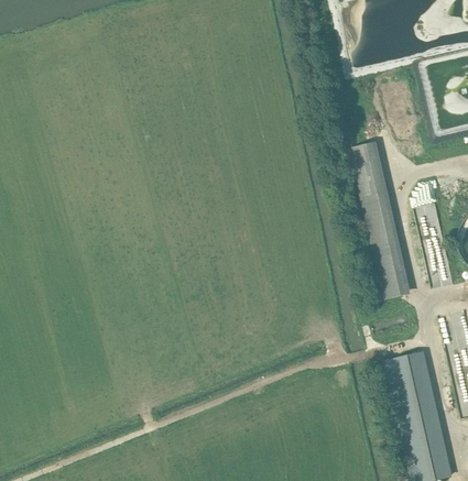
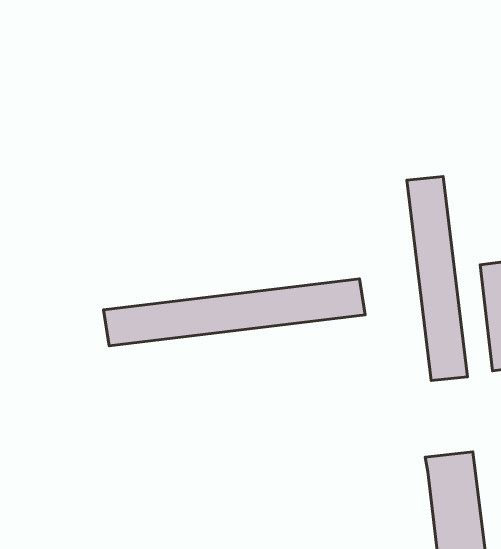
building: none -> [104,279,365,346]

